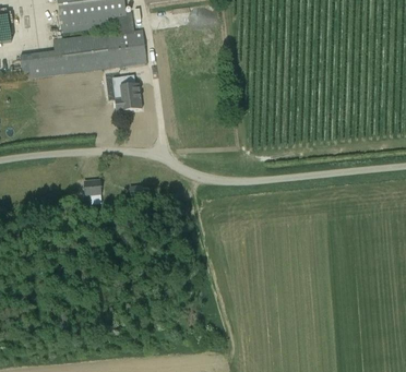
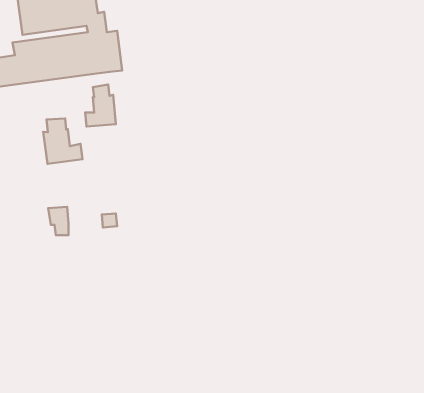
building: none -> [43,118,82,164]

